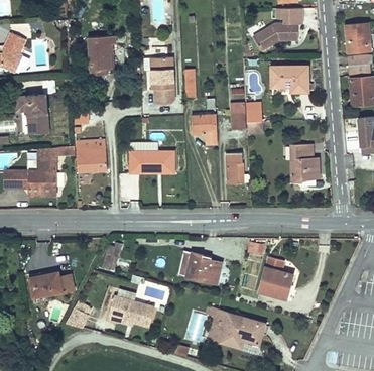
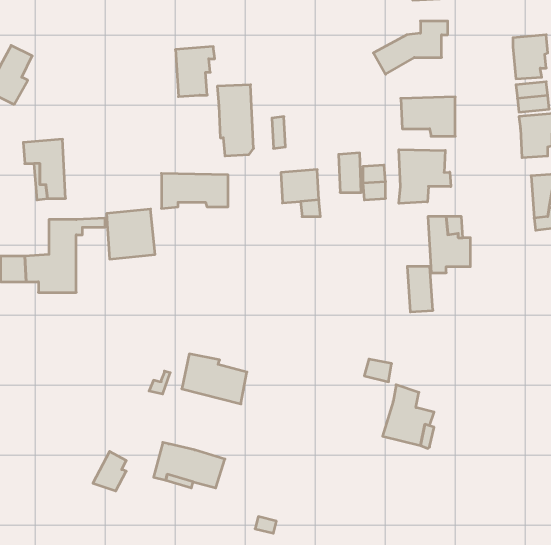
building: [87,37,113,71] -> [175,47,215,97]
building: none -> [399,150,451,203]
building: [130,151,174,174] -> [161,173,228,208]
building: [226,154,243,184] -> [407,266,433,312]
building: [177,251,221,284] -> [182,354,247,404]
building: [29,271,75,298] -> none
building: [210,311,264,348] -> none

